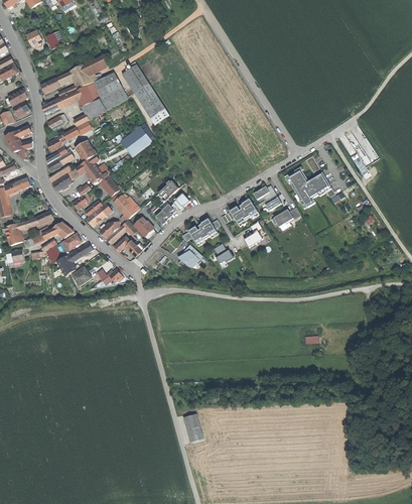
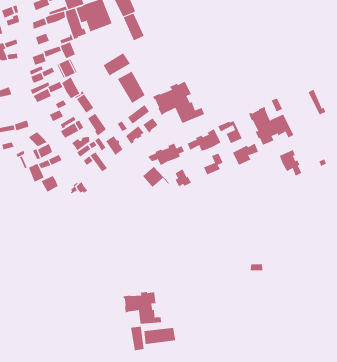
building: none -> [117,71,146,104]
building: none -> [152,81,205,124]
building: none -> [279,149,302,177]
building: none -> [123,291,162,325]
building: none -> [144,327,176,345]

